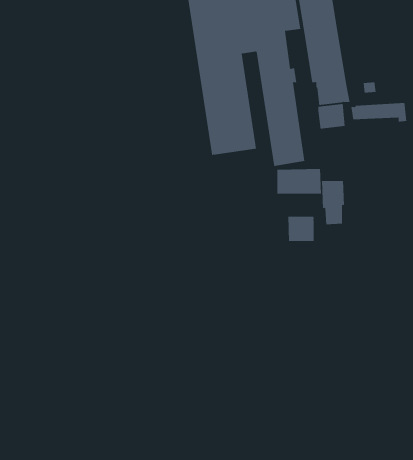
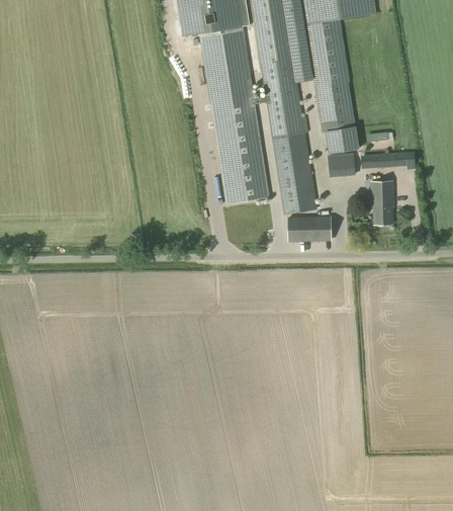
building: [321,181,345,225] -> [371,181,394,225]
building: [288,216,314,242] -> none

